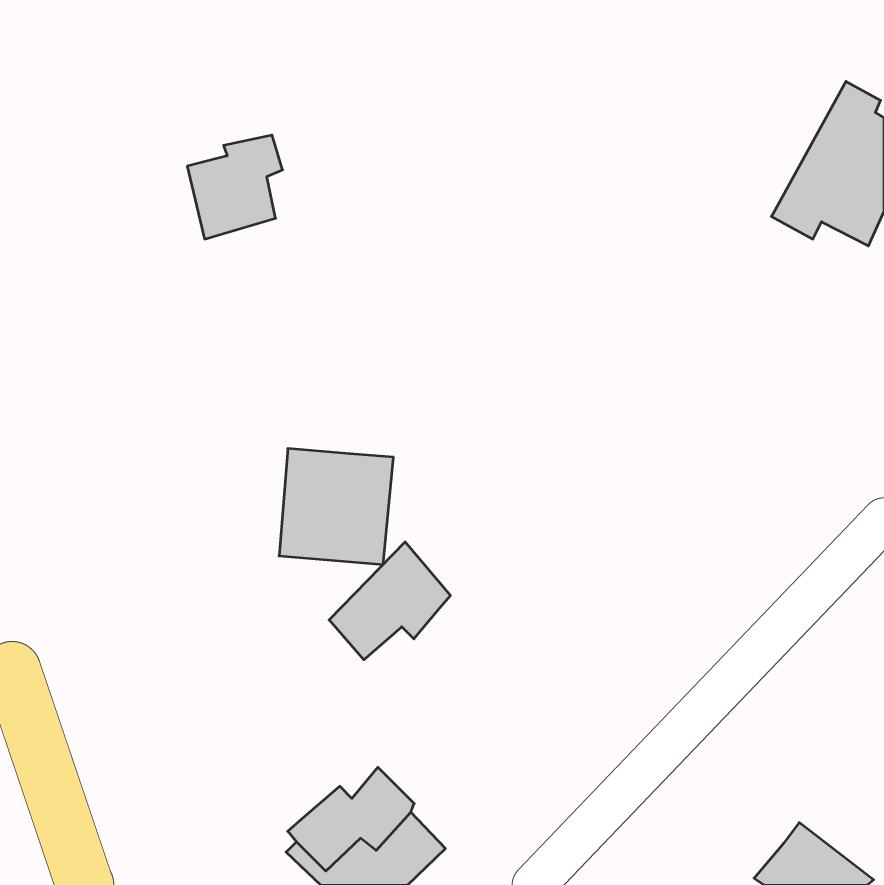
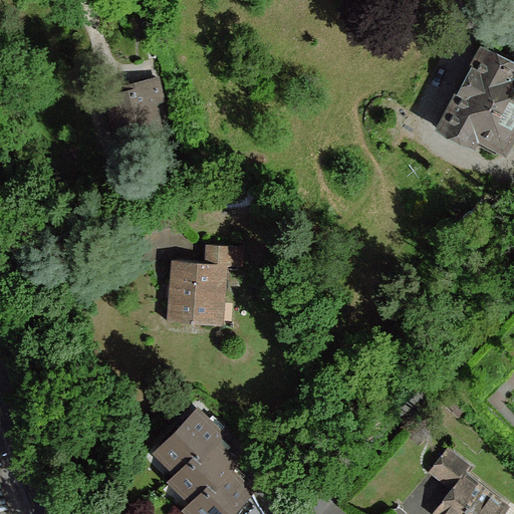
building: none -> [203,243,246,266]
building: [329,542,450,660] -> [155,407,225,475]
building: none -> [431,449,471,489]

